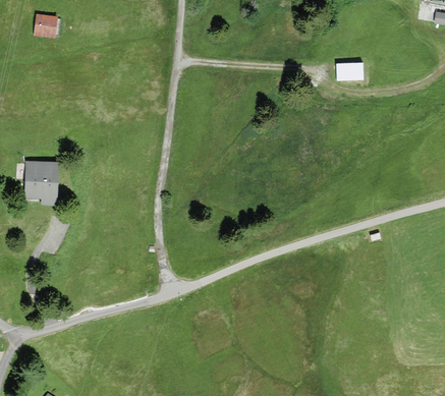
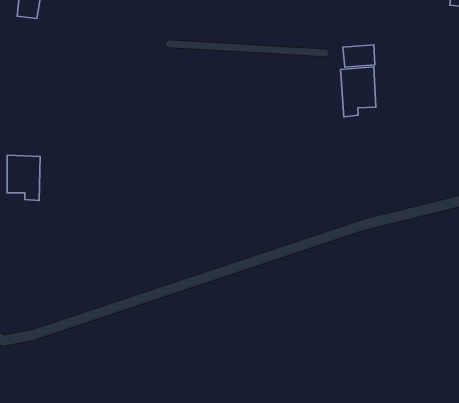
building: none -> [341,67,376,117]

